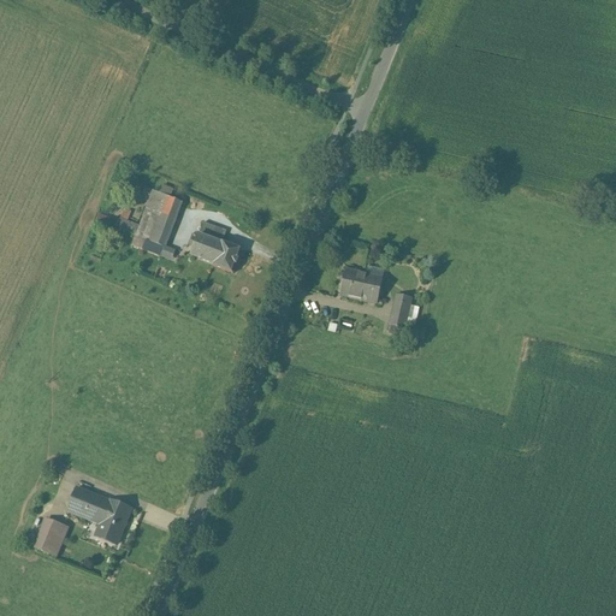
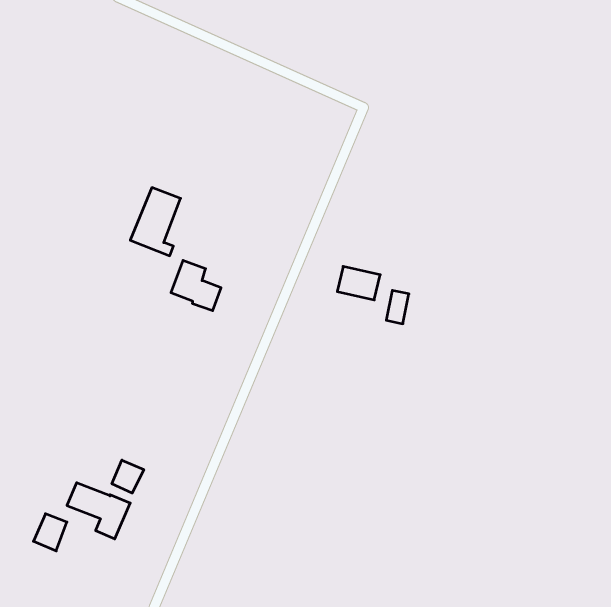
building: [191,220,242,271] -> [171,260,221,311]
building: none -> [112,460,144,493]

